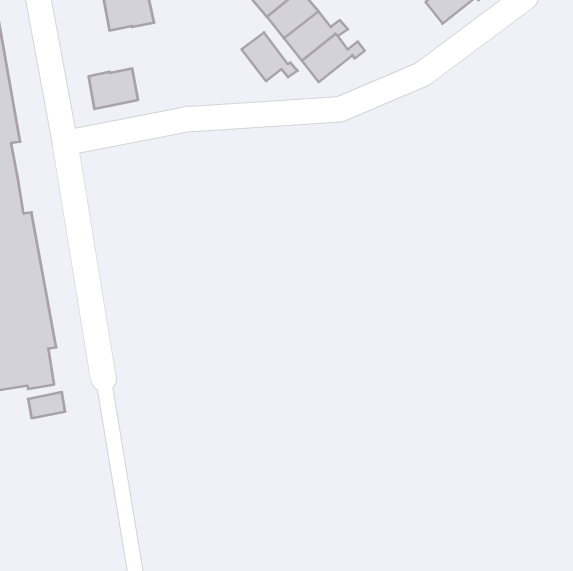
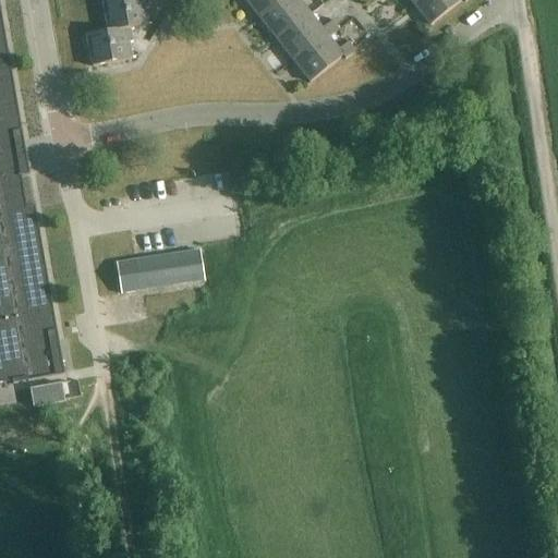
building: [242,32,298,81] -> none
building: [89,69,138,109] -> [85,25,133,64]
building: none -> [113,247,202,292]

